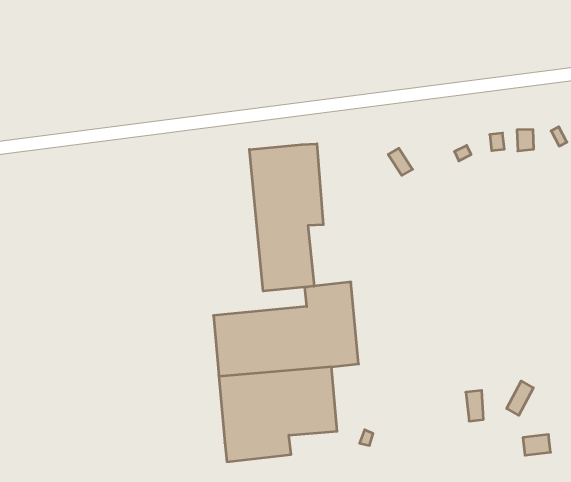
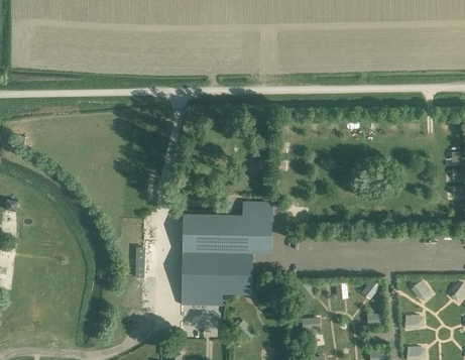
building: [249,144,323,291] -> none

